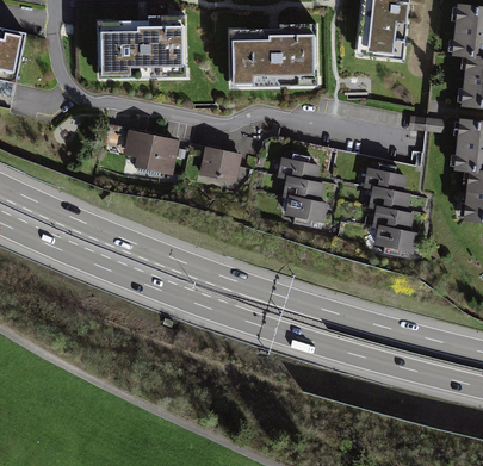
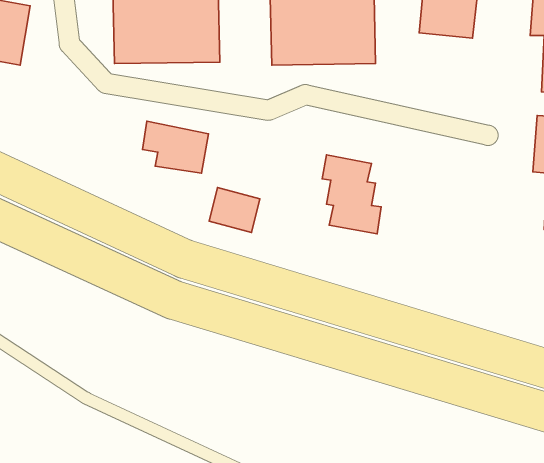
building: [198,145,241,184] -> [209,187,260,232]
building: [366,169,417,254] -> none

